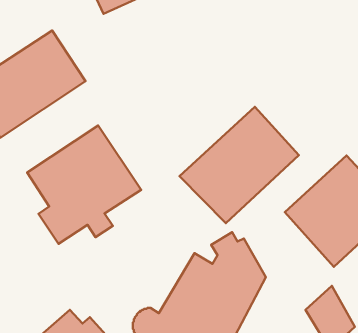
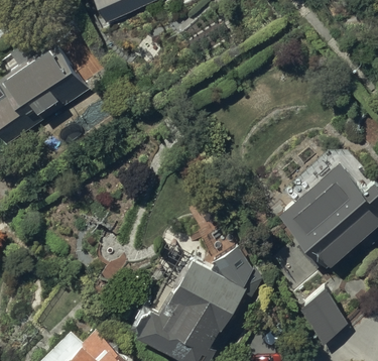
building: [179,107,299,223] -> none
building: [27,126,141,244] -> none

